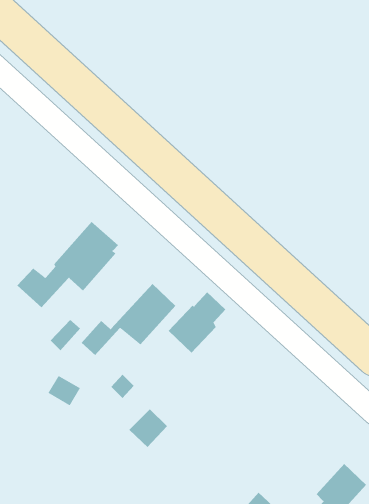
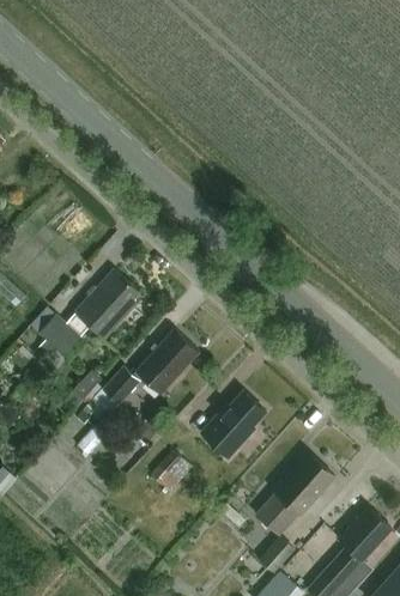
building: [168,292,226,354] -> [202,393,261,455]
building: none -> [255,455,335,536]

